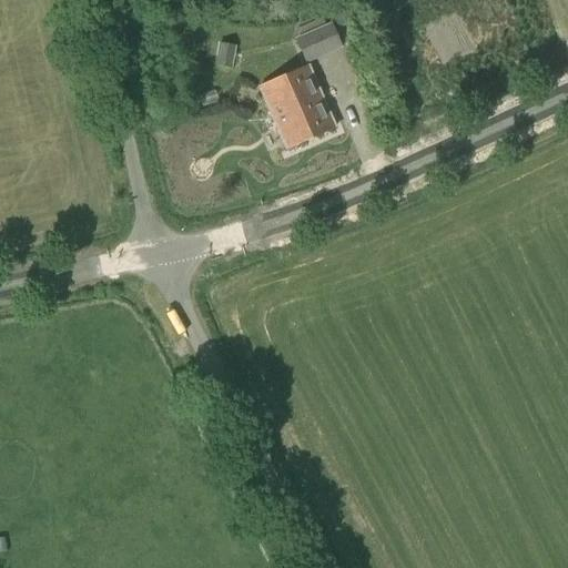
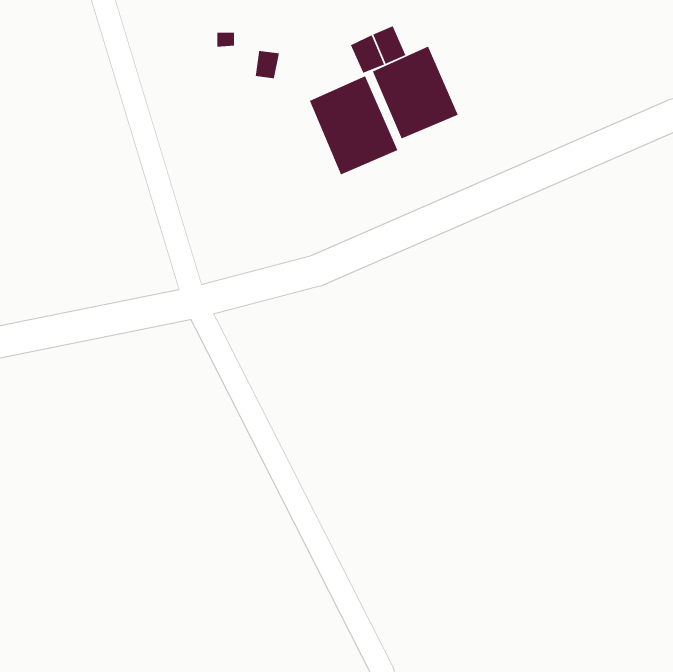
building: none -> [372,45,459,140]

